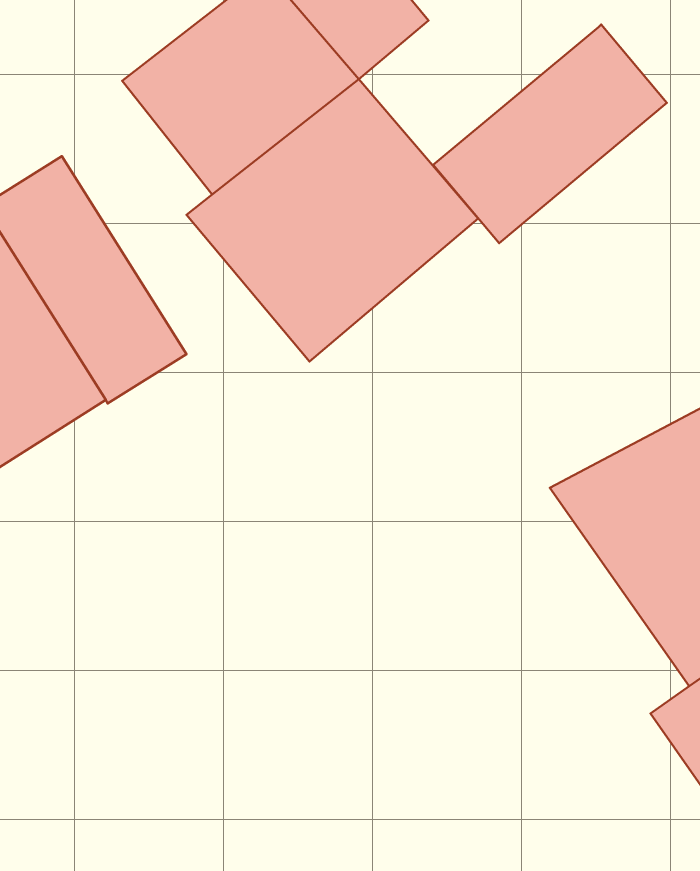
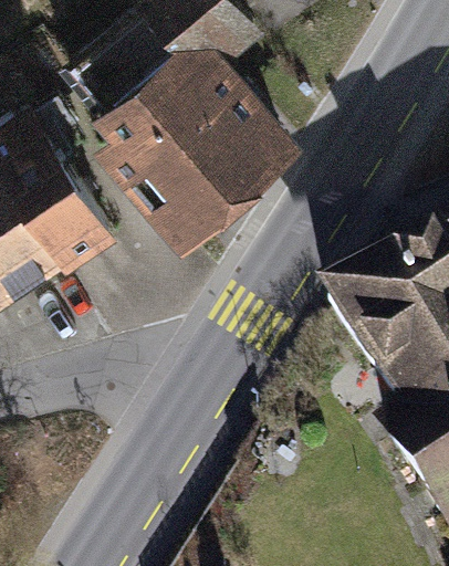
building: [433,25,667,243] -> none

